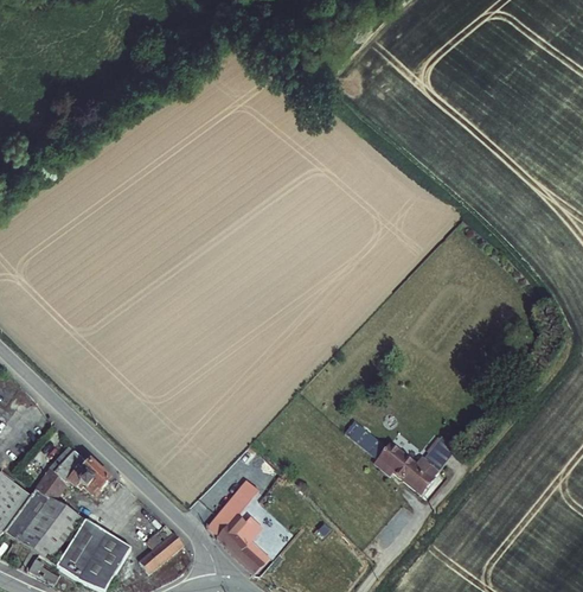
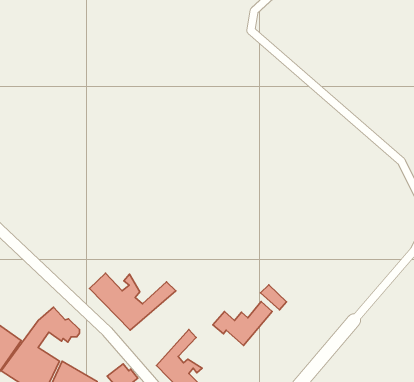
building: none -> [89,273,176,330]
building: [379,434,457,492] -> [213,302,272,346]

